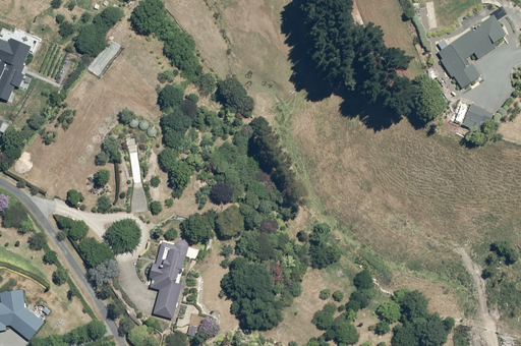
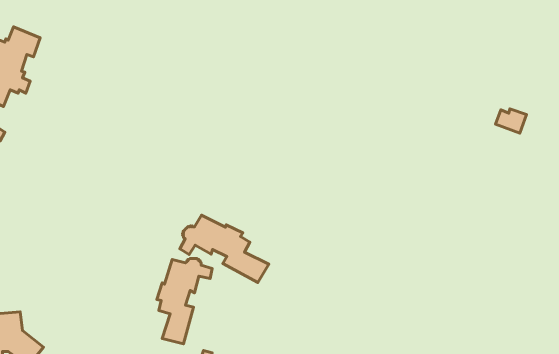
building: [437,14,507,88] -> none
building: none -> [180,215,269,283]

